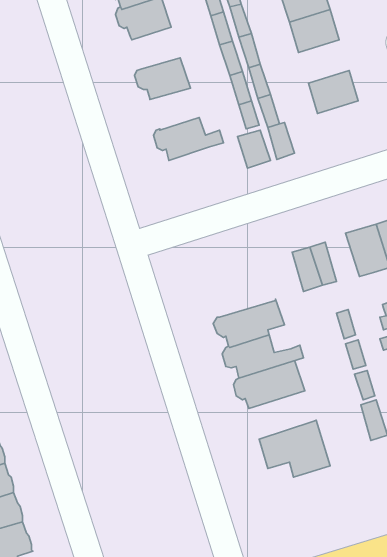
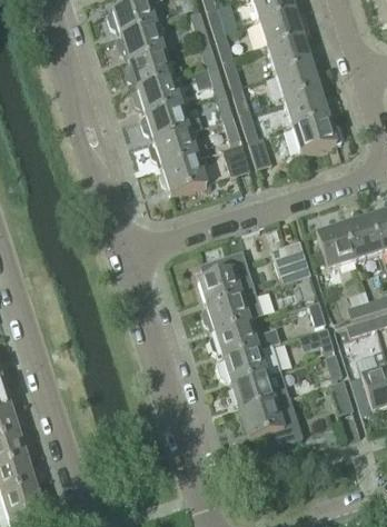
building: none -> [122,50,183,87]
building: none -> [275,61,319,99]
building: none -> [139,103,201,140]
building: none -> [291,115,340,151]
building: none -> [159,155,205,193]
building: none -> [197,248,255,304]
building: none -> [231,368,288,410]

